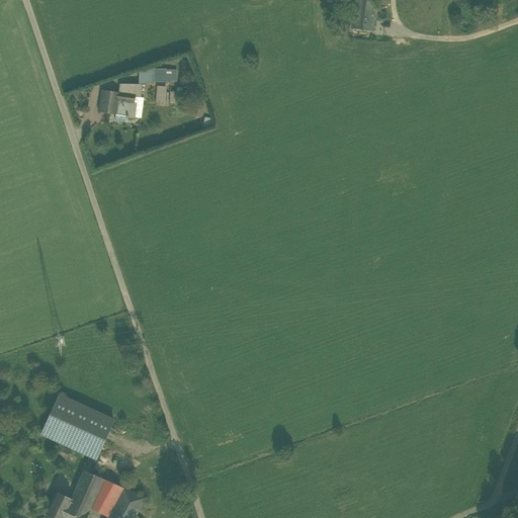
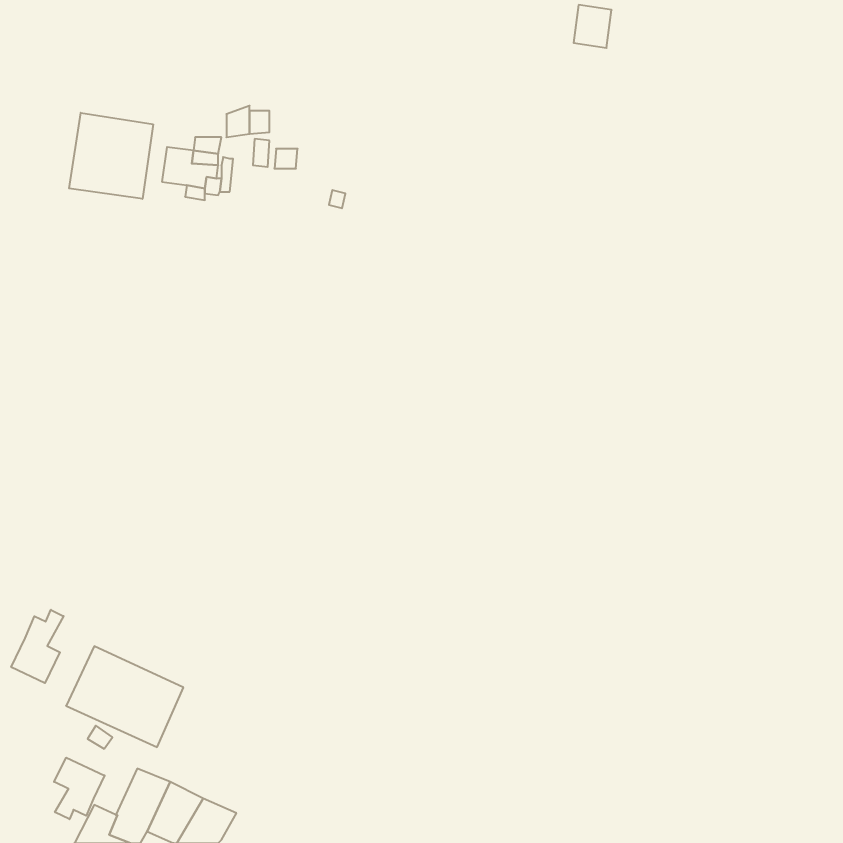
building: none -> [69,113,153,199]
building: none -> [11,610,64,683]
building: none -> [54,758,105,819]

